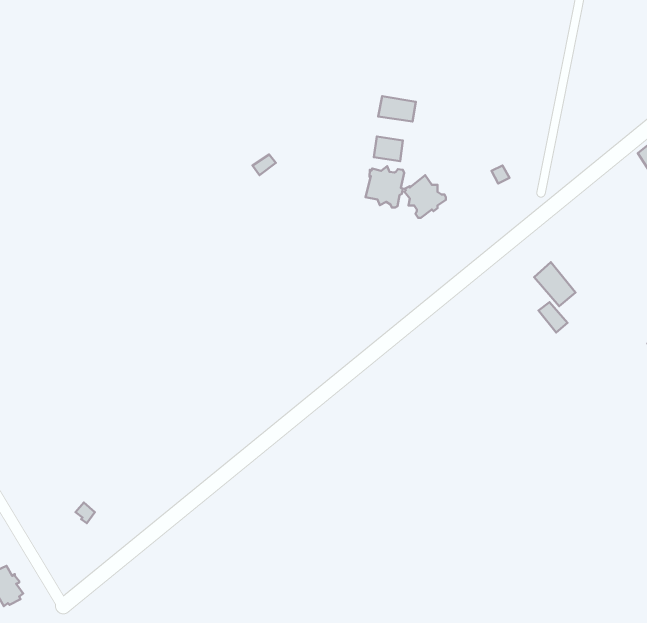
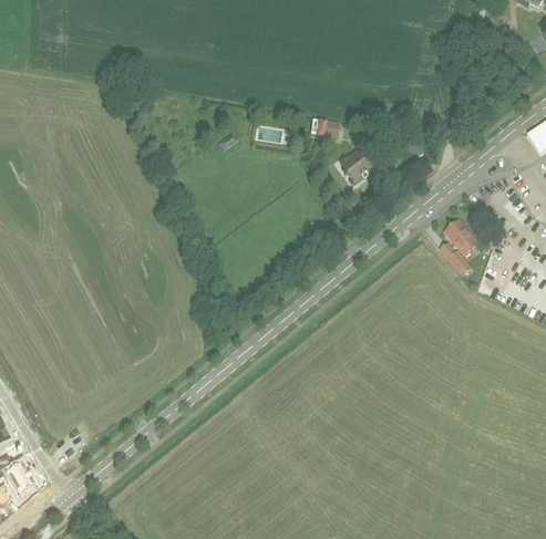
building: [378,96,416,121] -> none
building: [365,166,404,207] -> none

